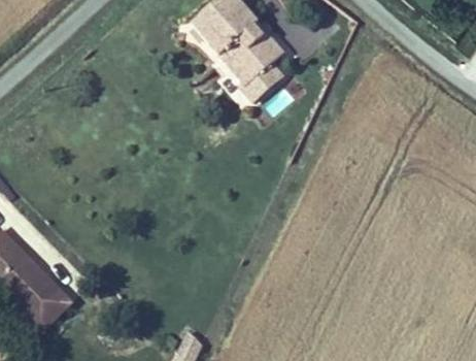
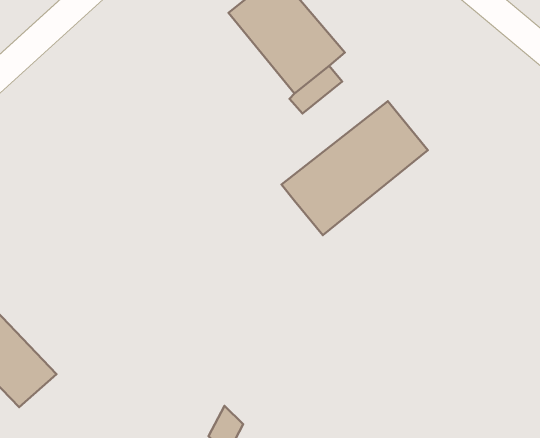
building: none -> [282,101,428,235]

